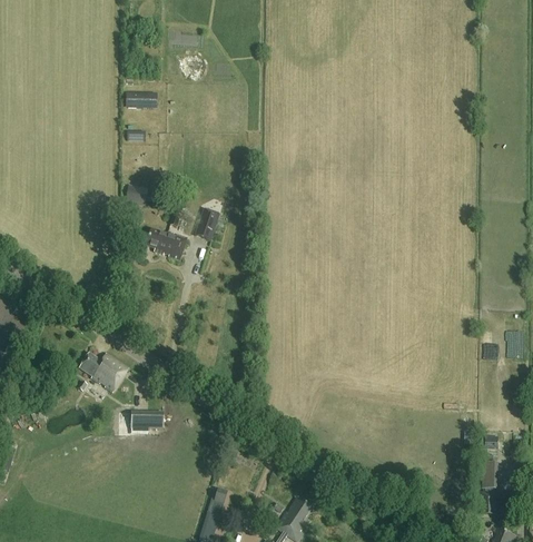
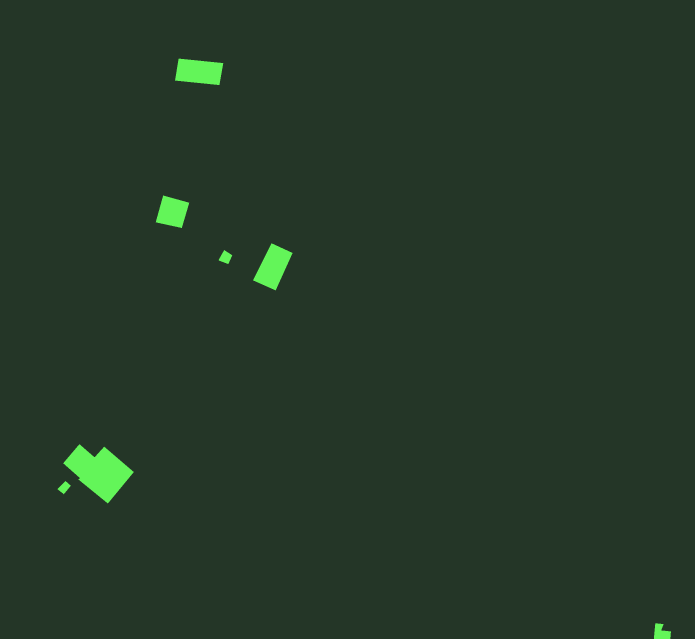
building: [146,228,187,259] -> none
building: [130,413,162,428] -> none

